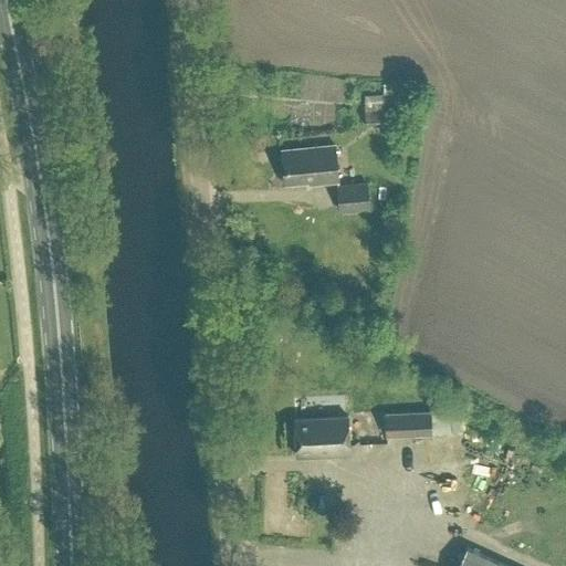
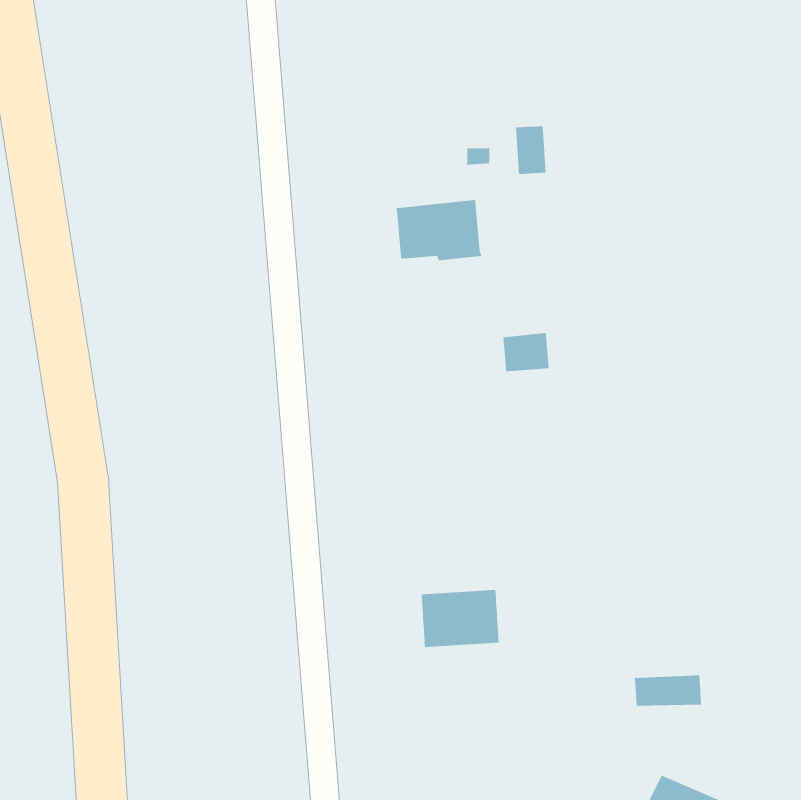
building: [336,184,369,211] -> [502,332,550,372]
building: [385,415,432,437] -> [634,675,702,706]

